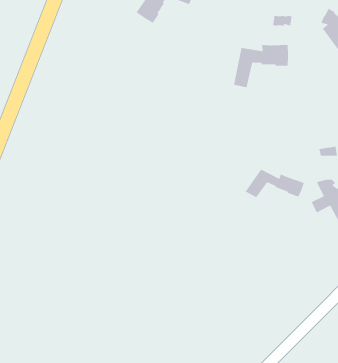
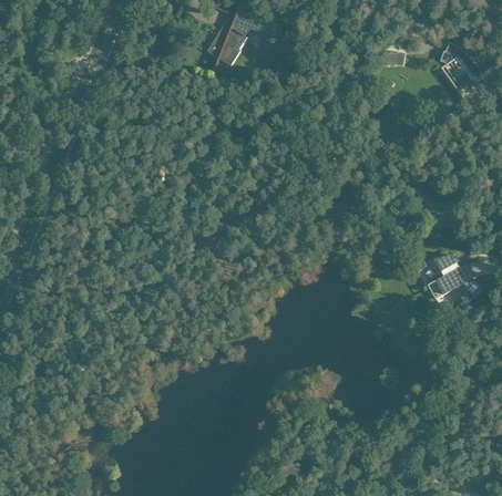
building: [233,44,289,88] -> none
building: [244,168,305,198] -> none

